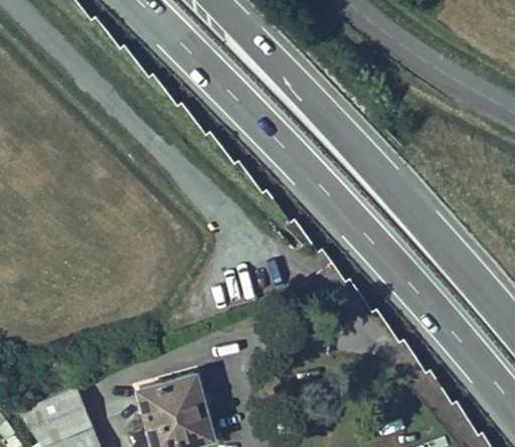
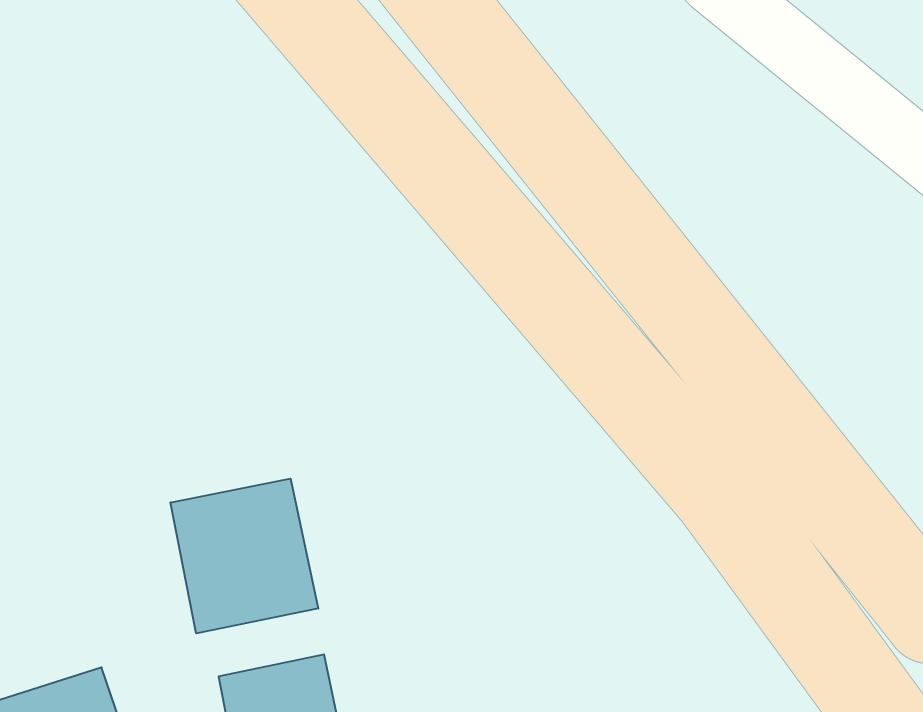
building: none -> [170,479,318,633]

